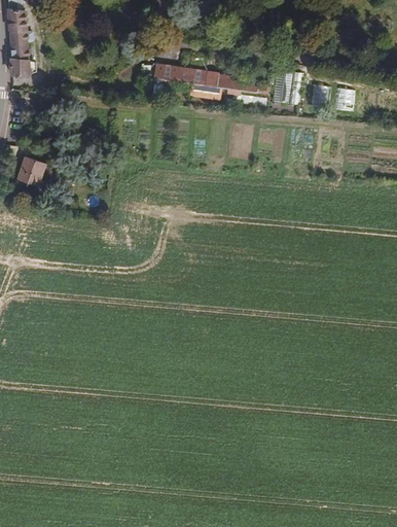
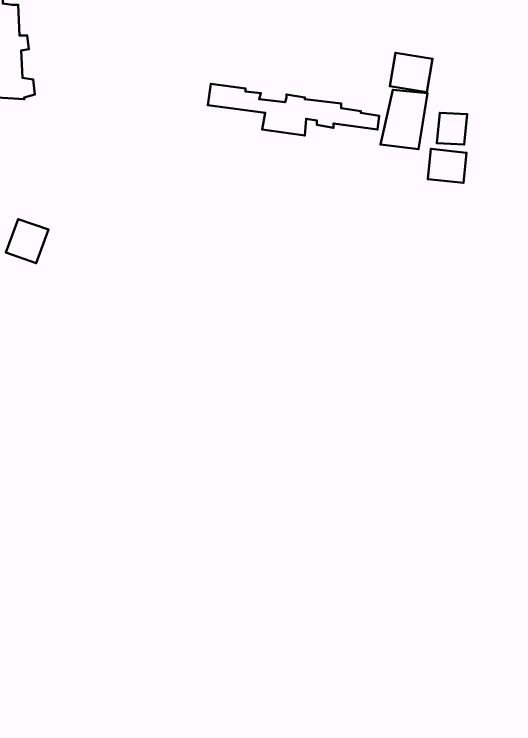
building: none -> [390,53,433,92]
building: none -> [428,149,466,183]

